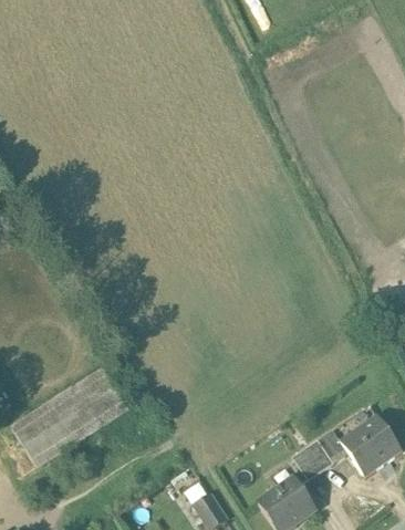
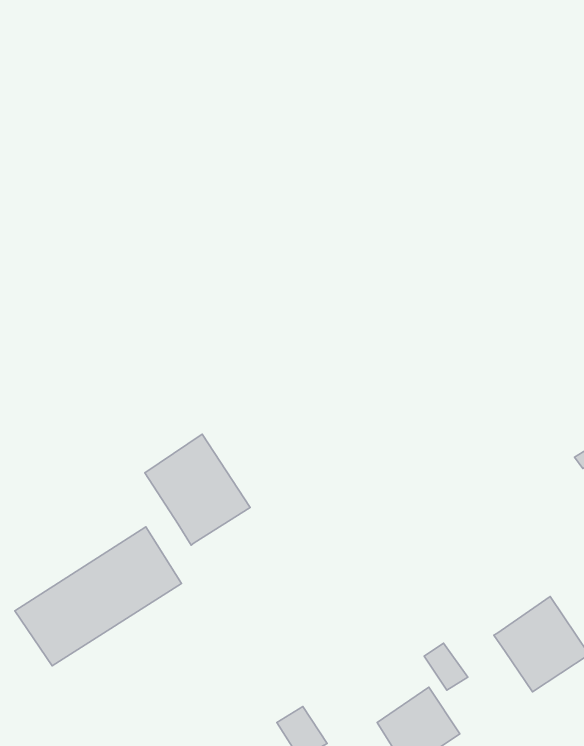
building: none -> [145,434,250,545]
building: [304,429,346,471] -> none

